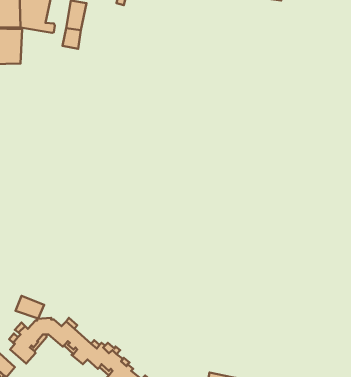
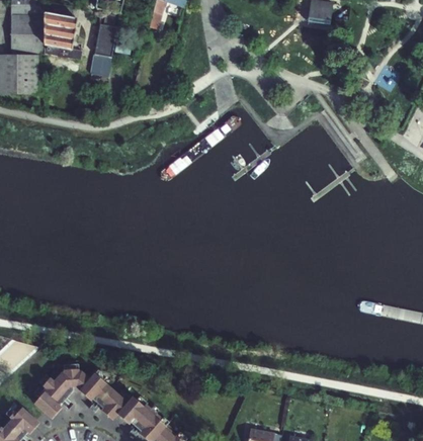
building: [16,296,44,319] -> none

